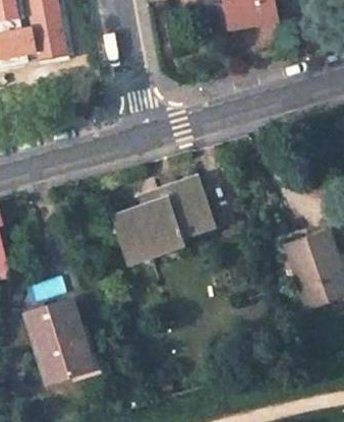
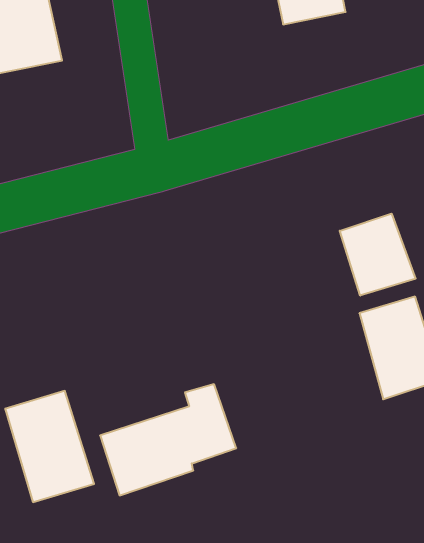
building: none -> [340,214,416,296]
building: [114,177,214,258] -> [100,384,236,495]

